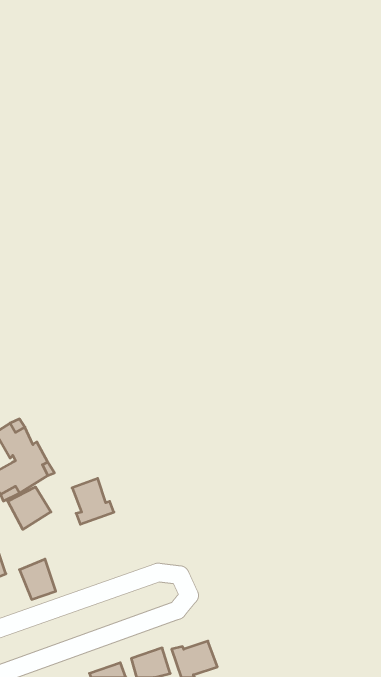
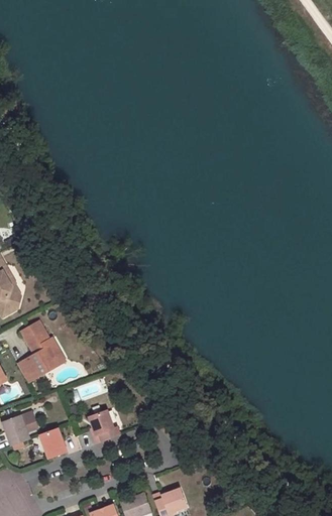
building: [72,478,114,524] -> [89,410,120,444]
building: [8,487,51,529] -> none

